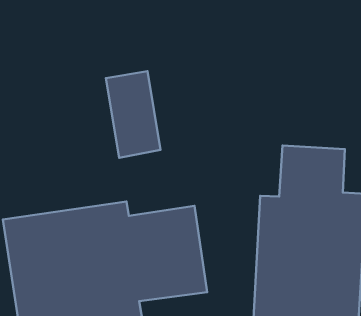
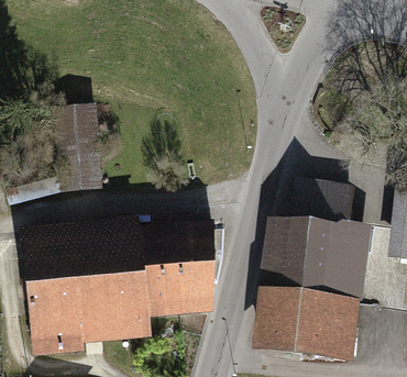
building: [106,71,161,158] -> [57,102,106,186]

